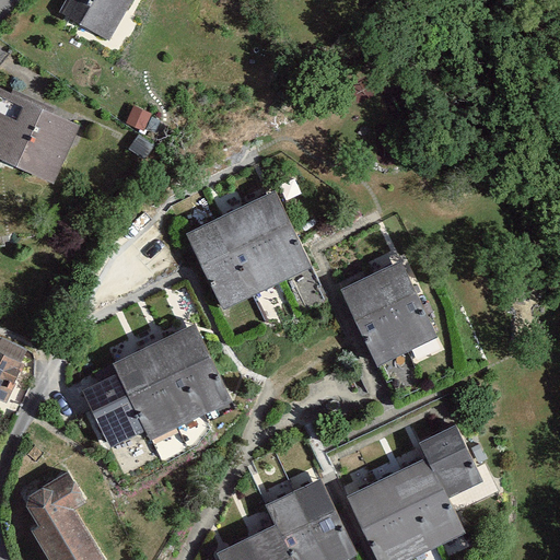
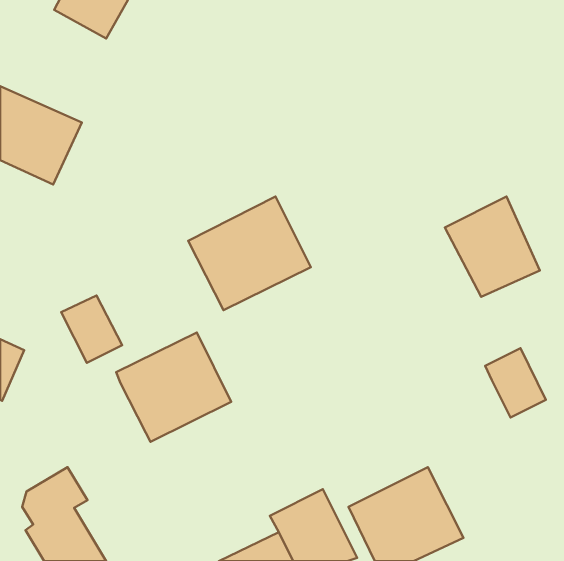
building: [339,264,433,363] -> [445,196,540,297]
building: [85,380,145,446] -> [61,295,122,363]
building: [418,431,478,500] -> [485,348,546,418]

